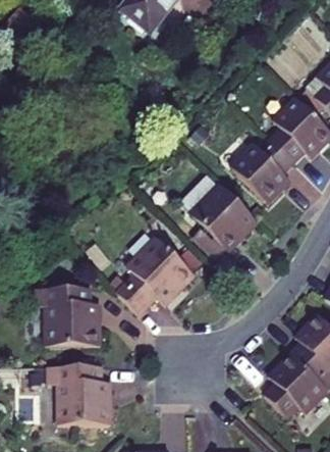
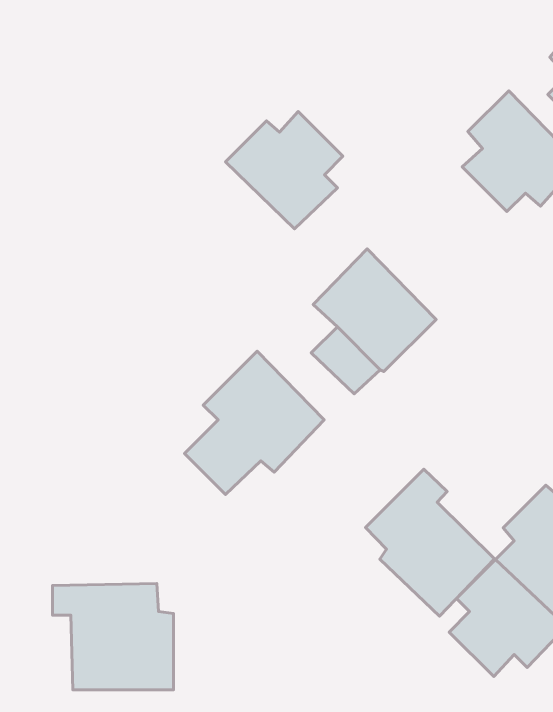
building: [230,138,294,202] -> [226,112,343,229]
building: [36,287,100,346] -> none
building: none -> [366,469,495,616]

